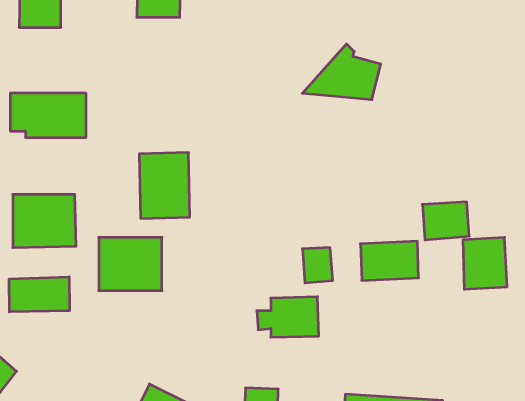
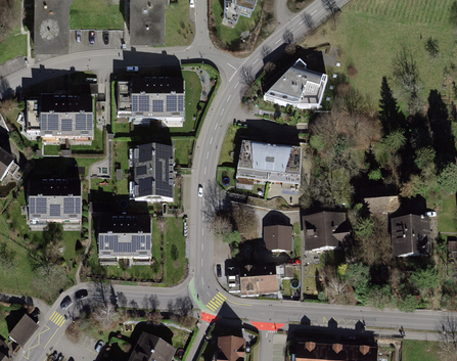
building: none -> [118,81,179,117]
building: none -> [236,139,302,188]
building: [9,277,69,312] -> none

